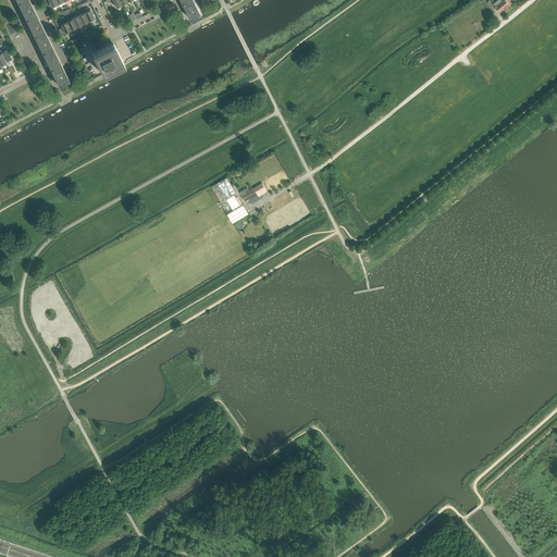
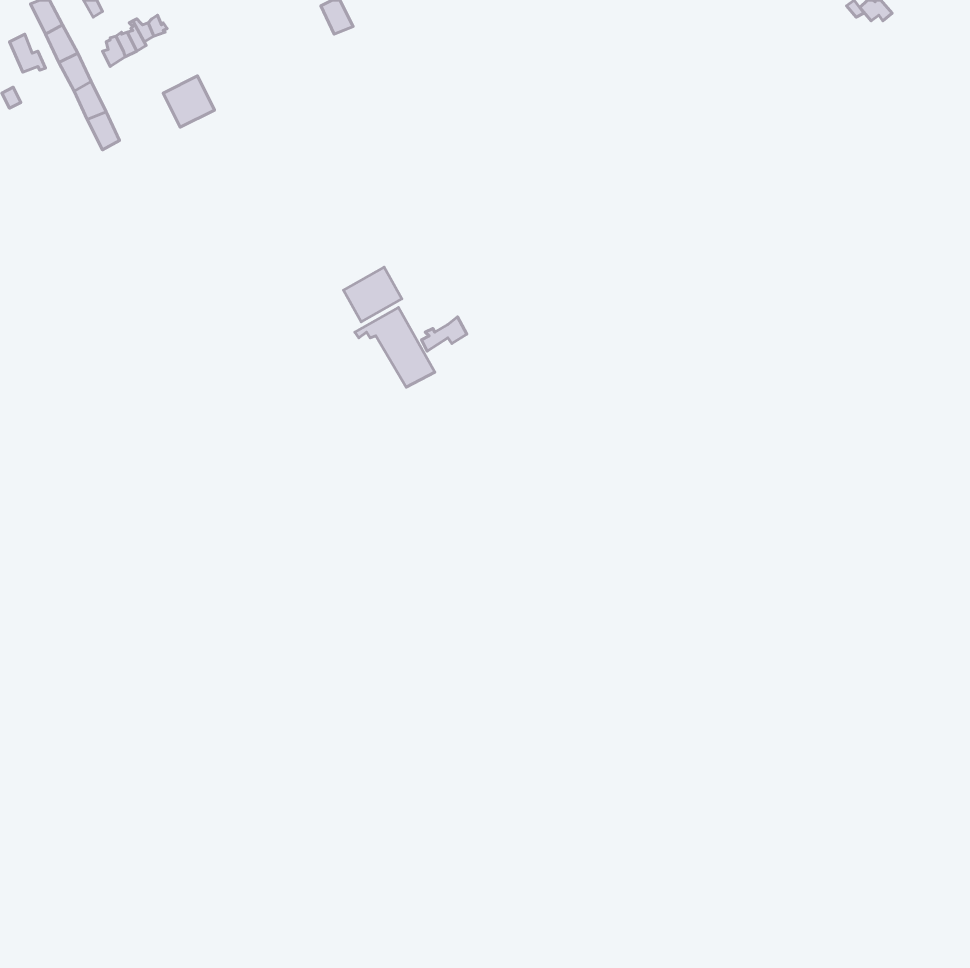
building: none -> [343,267,402,322]

